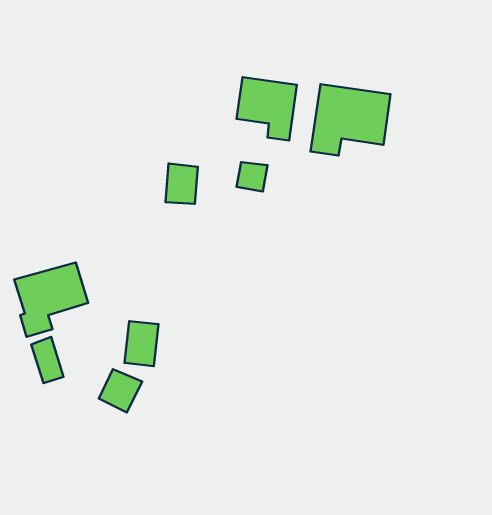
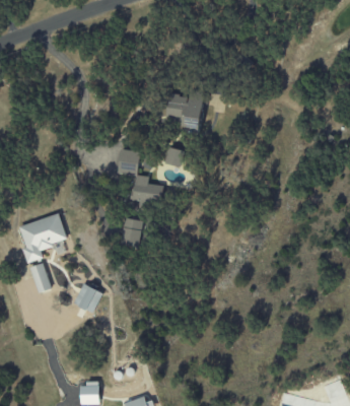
building: [310,84,390,155] -> none
building: none -> [133,175,163,202]
building: [125,321,159,366] -> [120,217,142,247]

